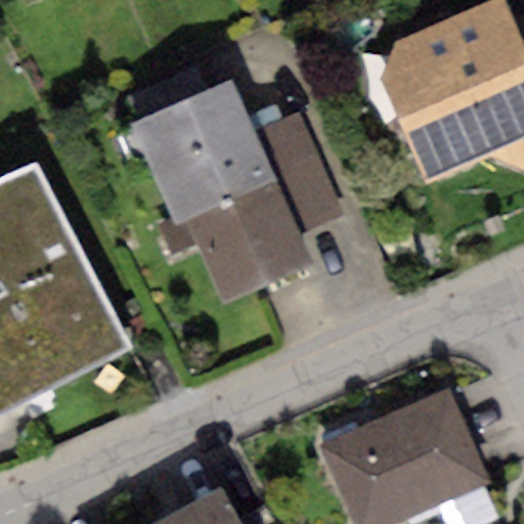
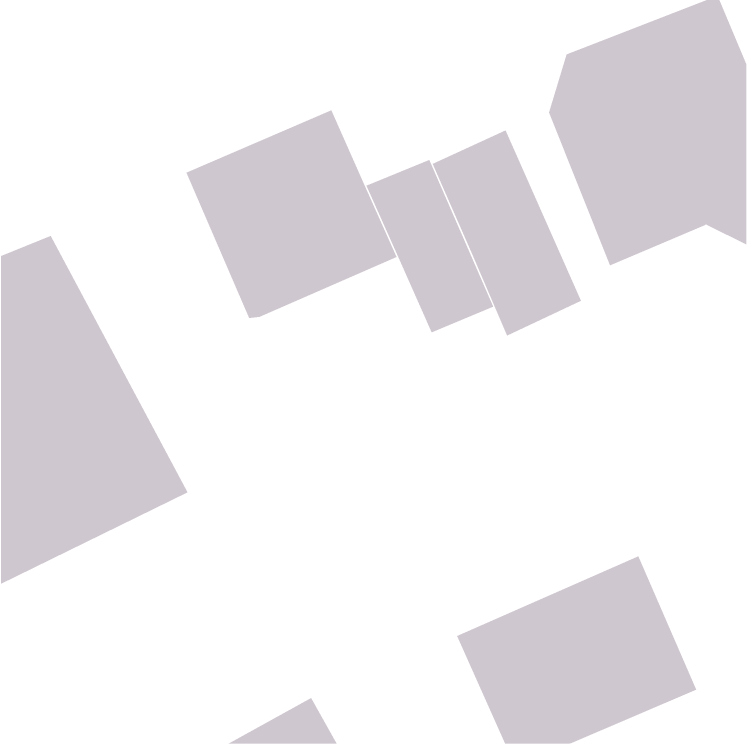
building: none -> [432,130,582,336]
building: [182,180,315,307] -> none

